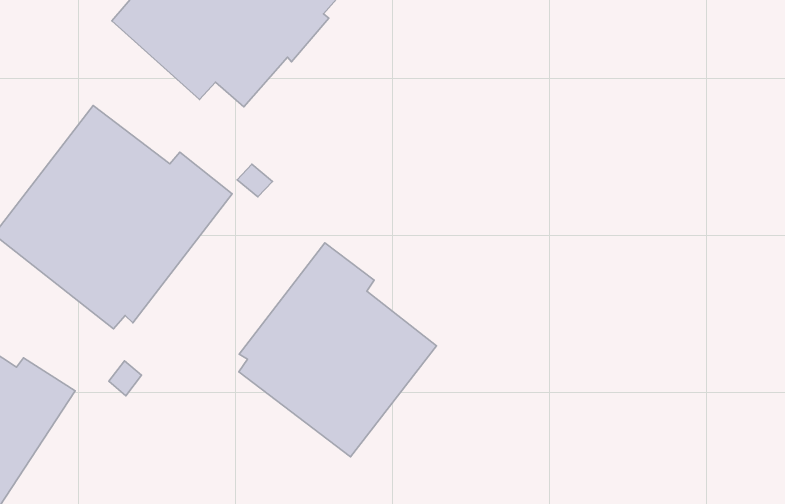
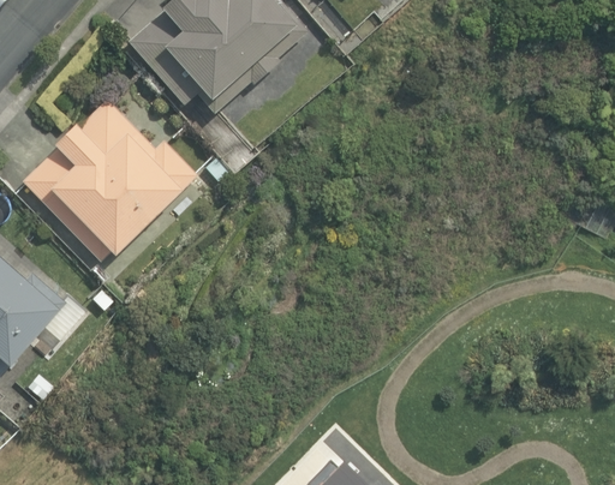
building: [239,243,436,457] -> none

